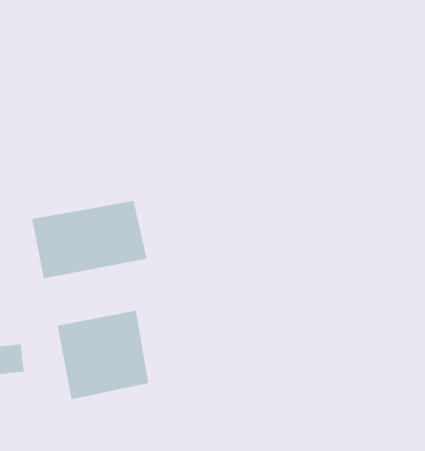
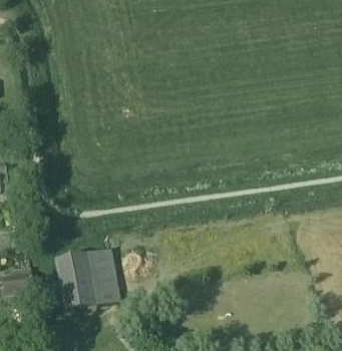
building: [31,200,147,279] -> none

